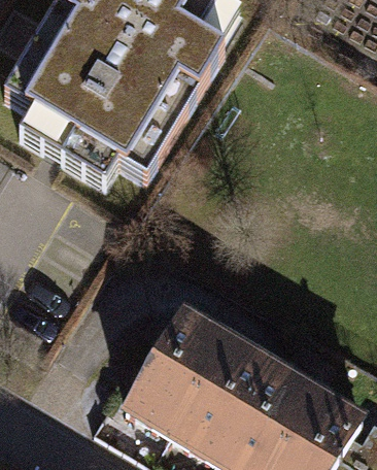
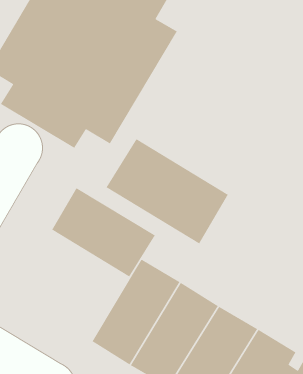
building: none -> [106,138,229,245]
building: none -> [51,187,156,278]

